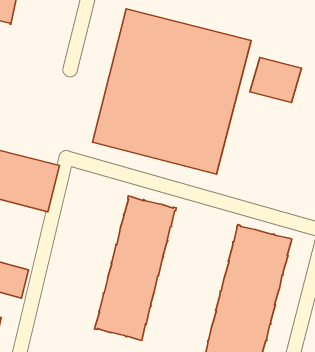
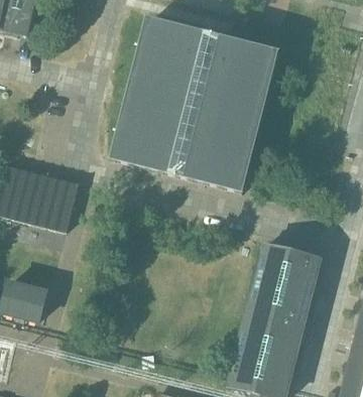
building: [250,57,301,103] -> none
building: [95,196,176,340] -> none

